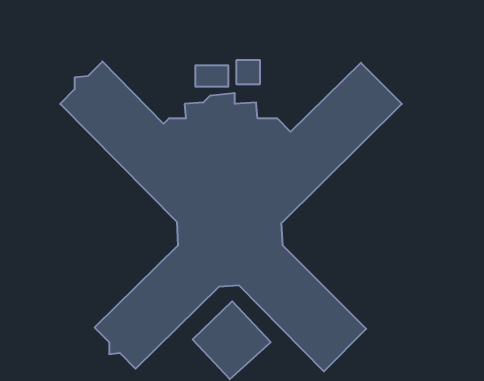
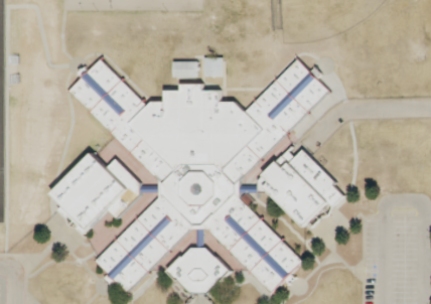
building: none -> [258,149,346,231]
building: none -> [53,152,150,235]

